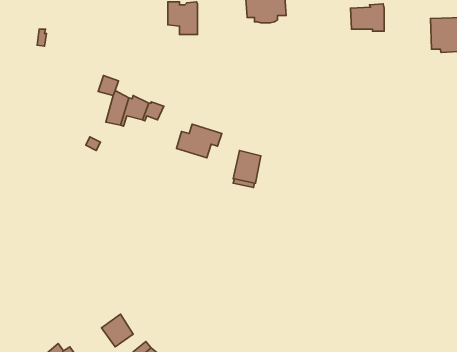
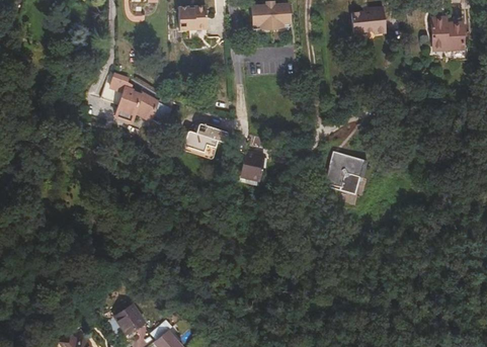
building: none -> [328,146,368,189]

